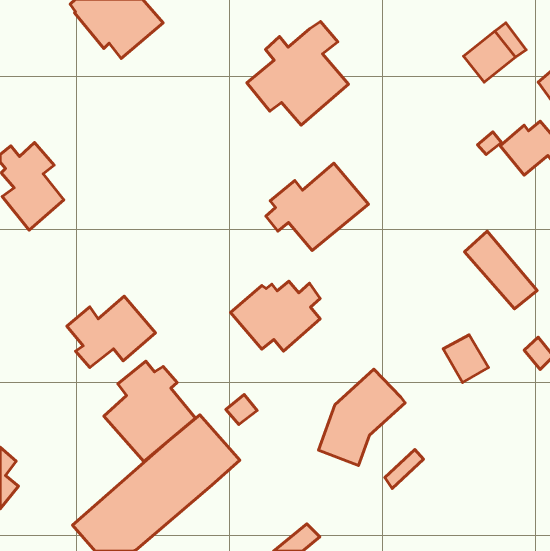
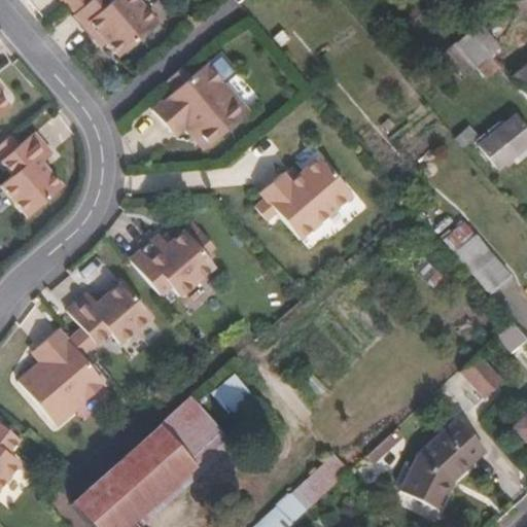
building: [247,21,349,125] -> [151,50,248,149]
building: [231,281,320,351] -> [129,231,214,297]
building: [443,335,488,382] -> [460,354,503,399]
building: [104,361,196,461] -> [17,329,105,425]
building: [319,369,405,465] -> [407,422,489,514]

